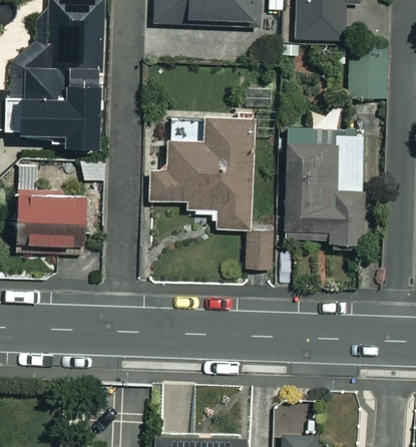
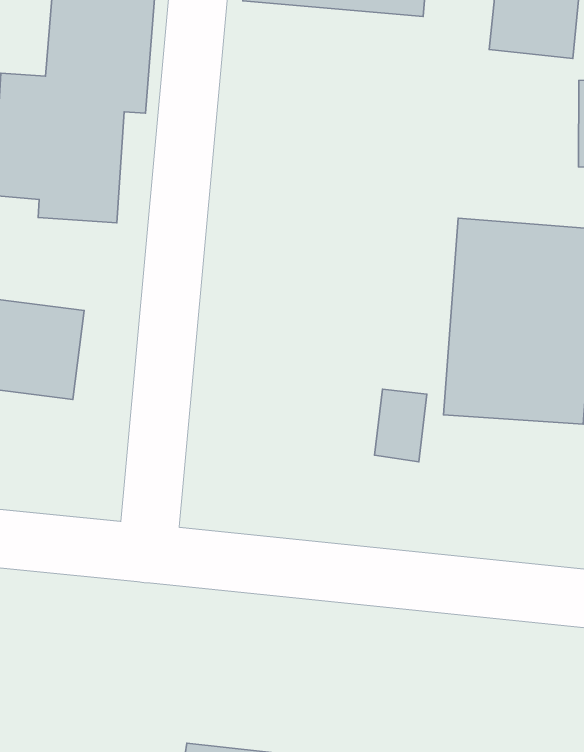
building: [151,117,252,230] -> none

